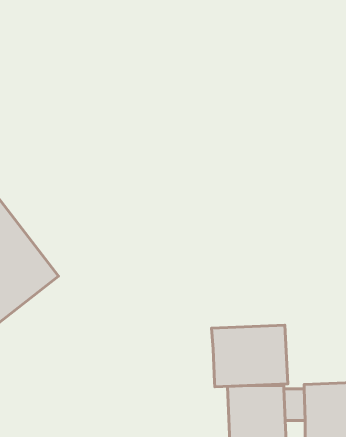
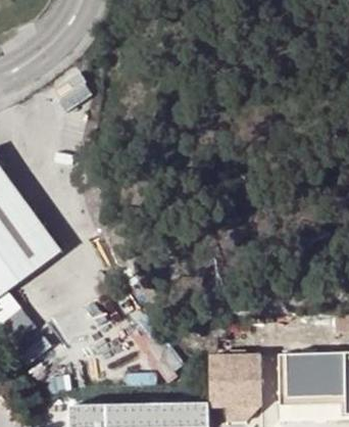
building: [212,325,288,387] -> none

